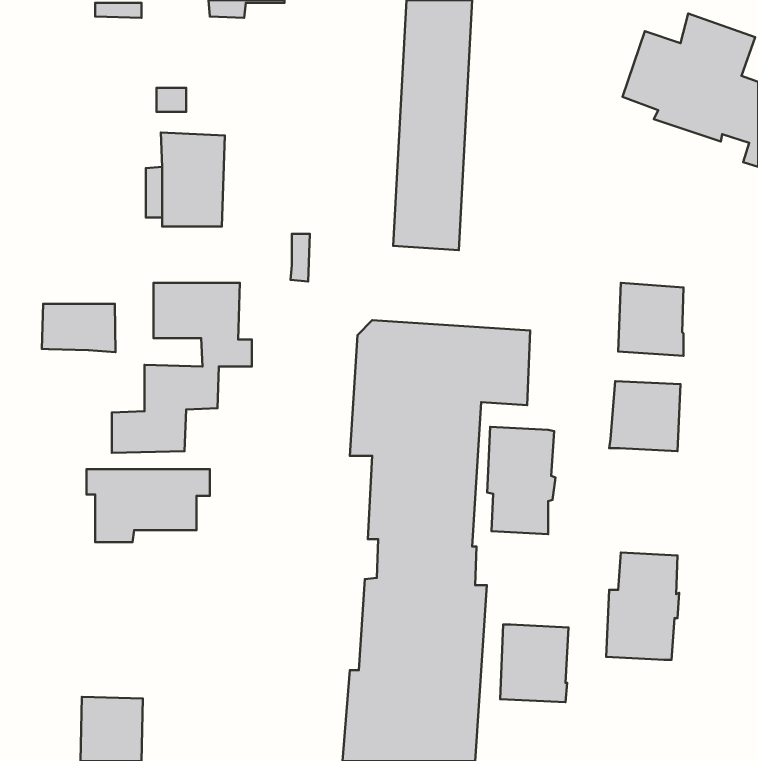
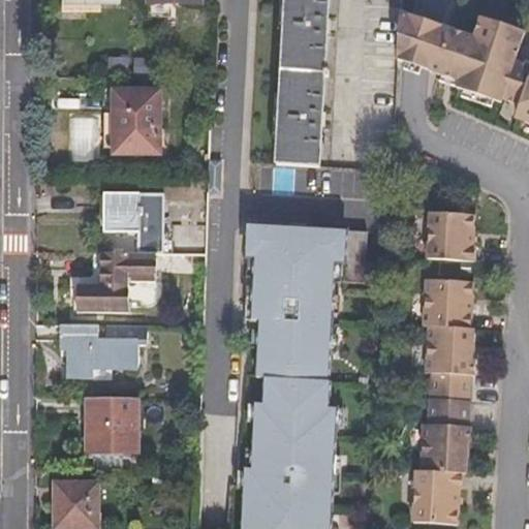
building: none -> [400,6,447,67]
building: [42,304,116,352] -> none
building: [487,427,556,534] -> [428,311,475,385]
building: none -> [86,399,137,454]
building: [500,625,569,702] -> [413,456,461,509]

